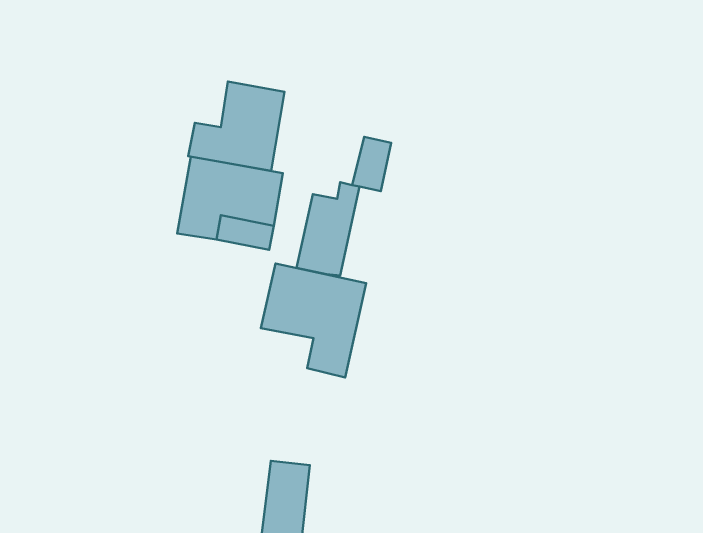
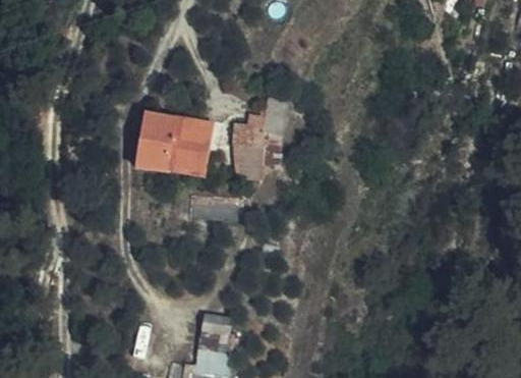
building: [188,81,285,171] -> none
building: [261,263,366,378] -> none

